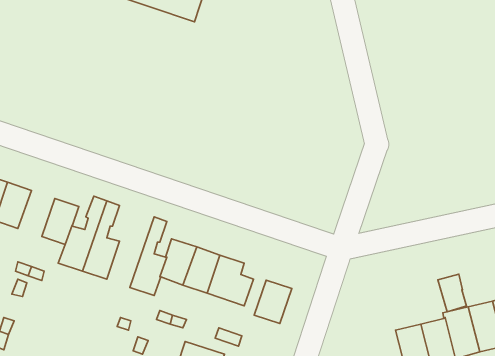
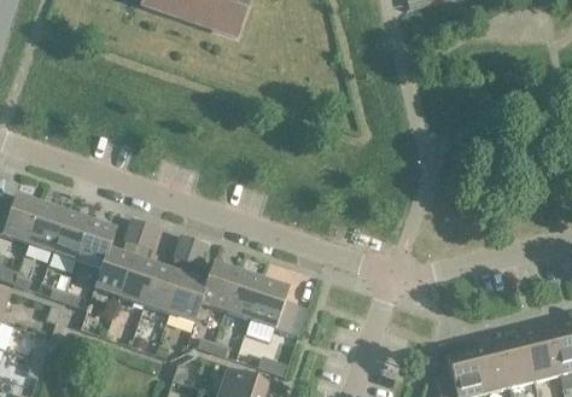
building: none -> [52,211,91,259]
building: none -> [145,234,194,313]
building: [438,274,466,312] -> none
building: [254,280,292,324] -> none

